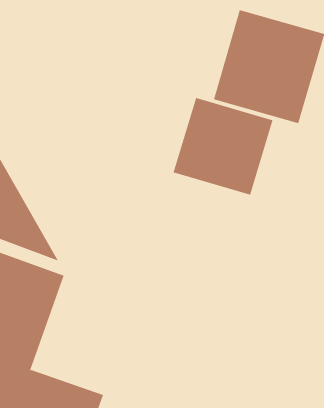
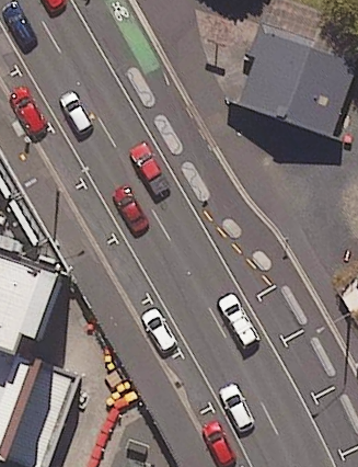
building: [173,97,273,196] -> none

